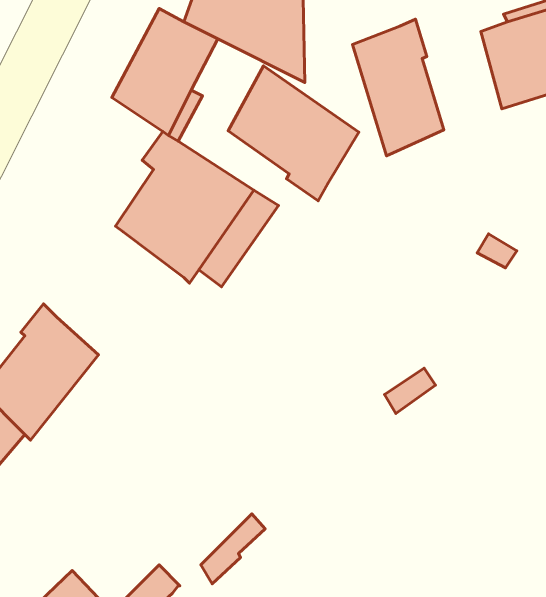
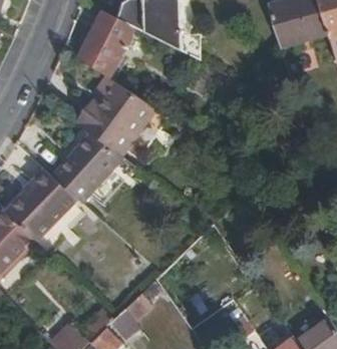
building: [353,19,444,156] -> none
building: [228,66,359,201] -> none
building: none -> [49,130,116,201]

